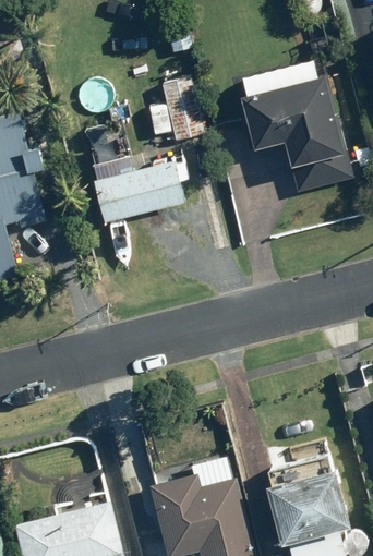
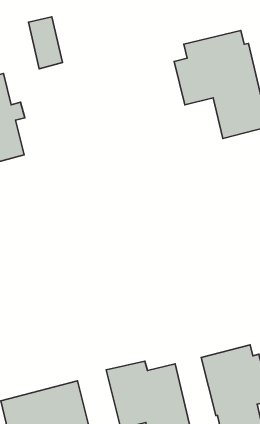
building: [158,77,201,143] -> [29,17,62,69]
building: [91,156,184,222] -> none

